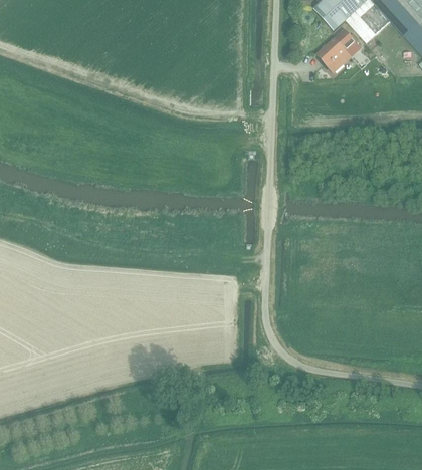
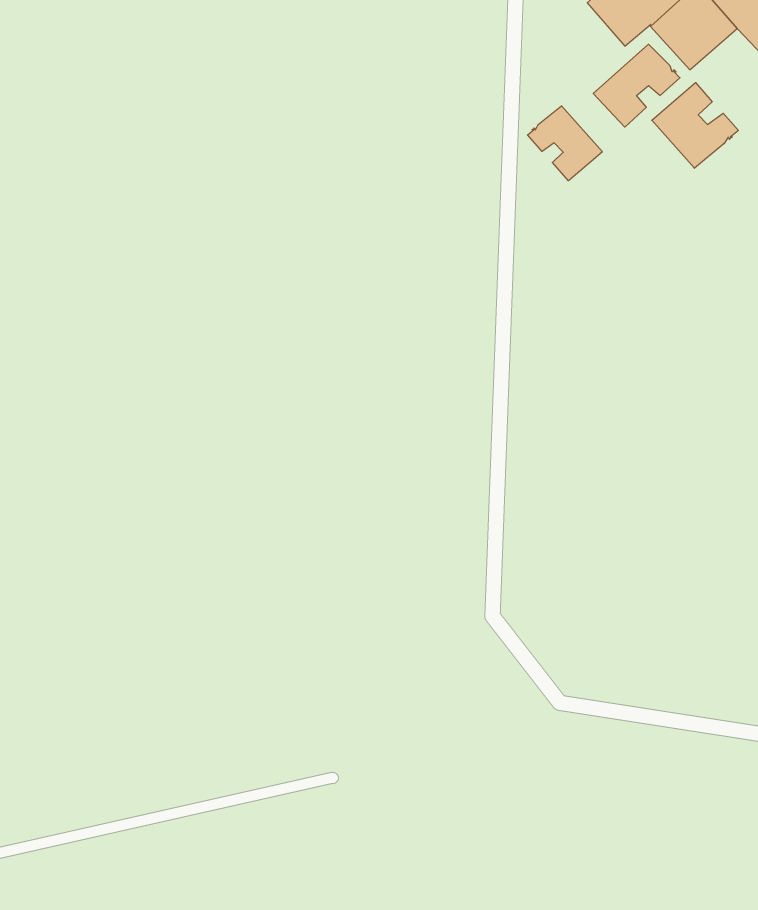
building: none -> [652,83,738,168]
building: none -> [527,106,602,181]

